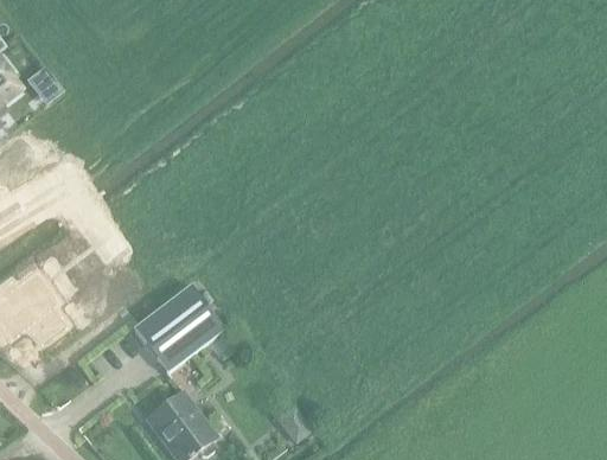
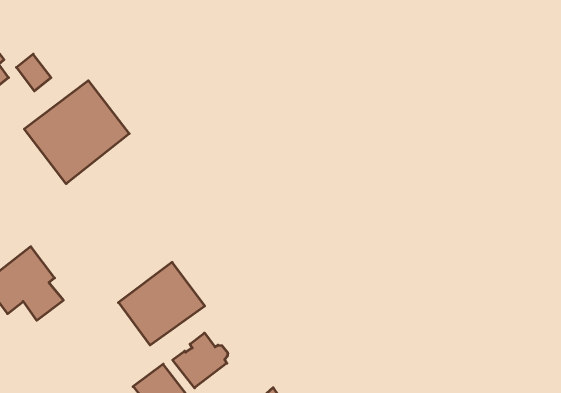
building: none -> [24,81,129,184]
building: none -> [173,333,228,388]

